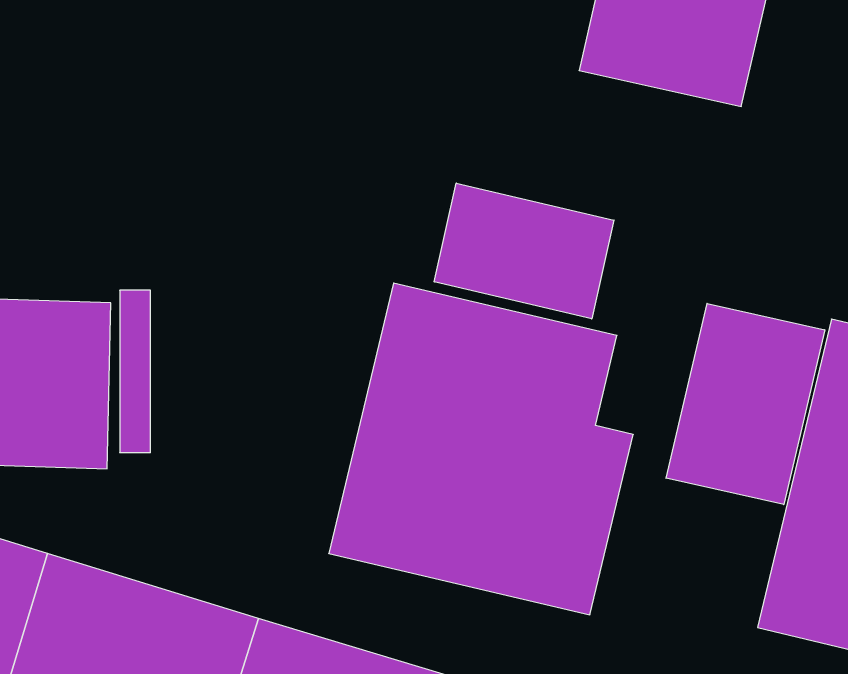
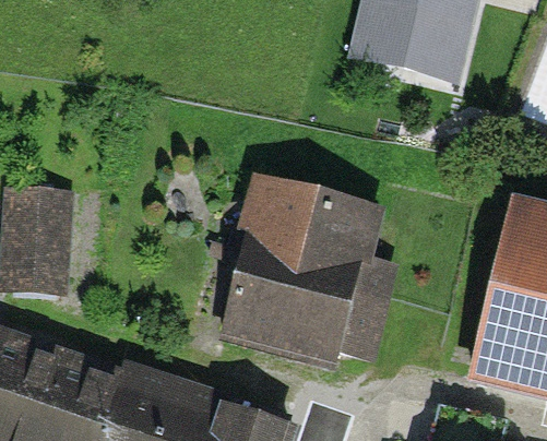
building: [434,183,614,319] -> none
building: [666,303,825,505] -> none

